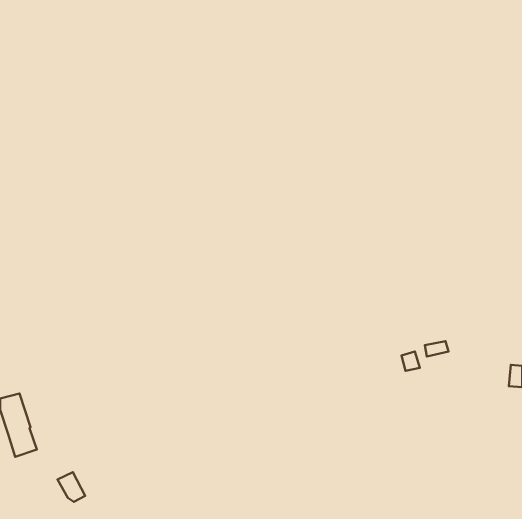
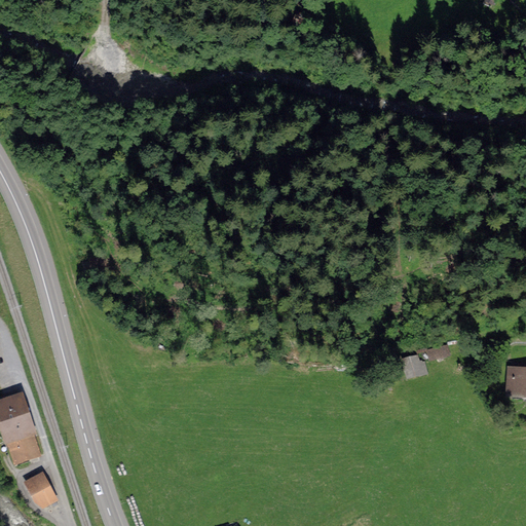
building: [58,472,85,502] -> [27,474,54,503]

